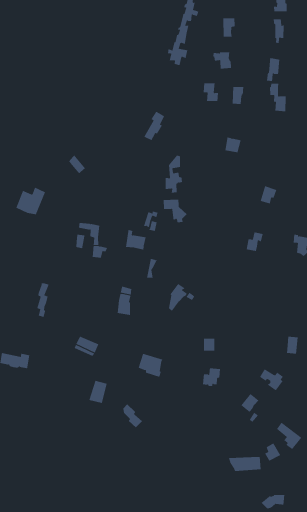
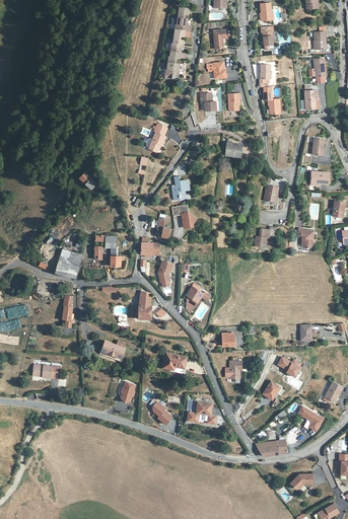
building: [15,187,46,215] -> [55,251,82,278]
building: none -> [185,401,216,427]

